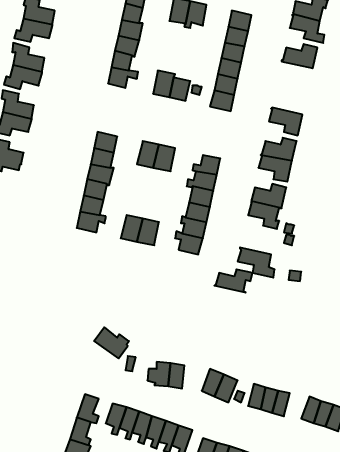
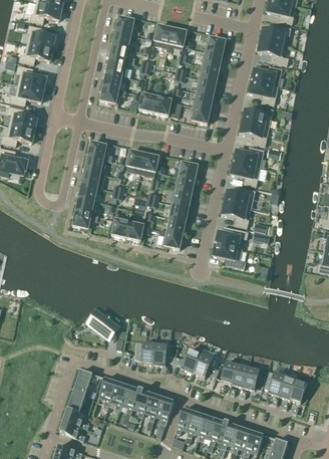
building: none -> [249,80,278,104]
building: none -> [243,105,273,127]
building: [214,269,253,293] -> [215,228,248,248]

